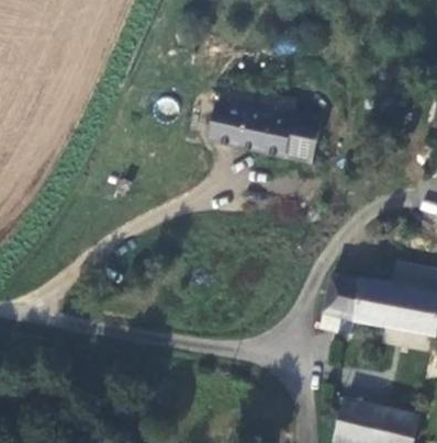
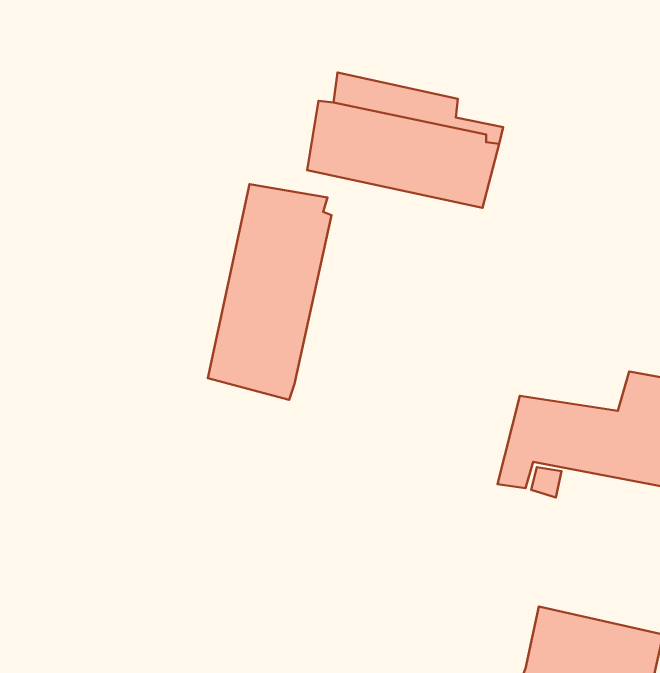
building: none -> [208,184,332,400]

